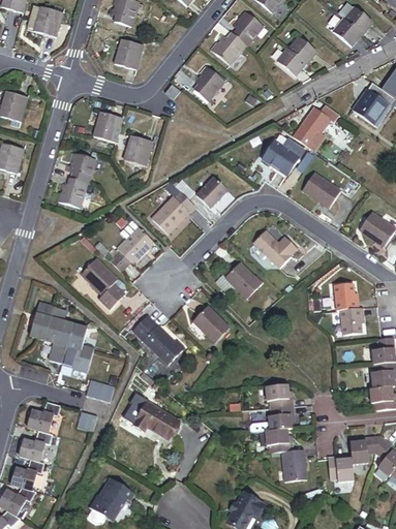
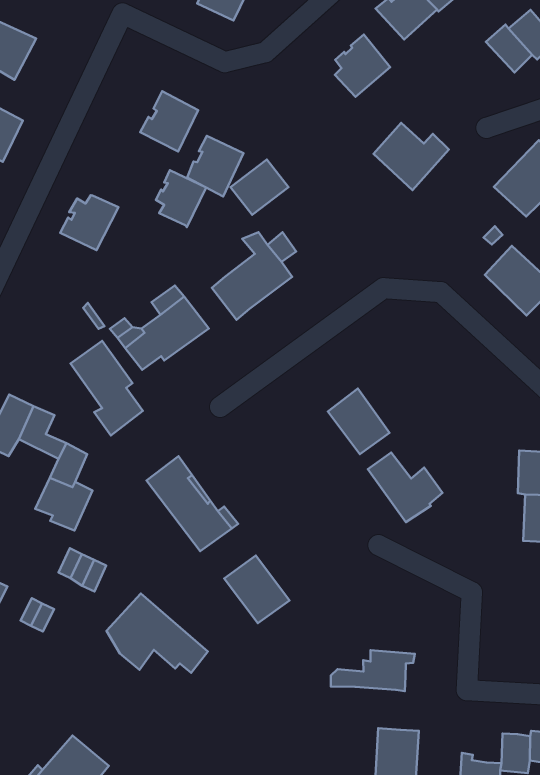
building: [257,138,299,175] -> [374,123,449,190]
building: [70,155,97,185] -> [156,170,206,227]
building: [192,176,224,208] -> [231,159,288,215]
building: [251,229,295,267] -> [368,453,442,522]
building: [190,306,229,343] -> [224,556,290,623]
building: [51,321,79,359] -> none
building: [264,381,294,406] -> none
building: [264,426,293,449] -> none

